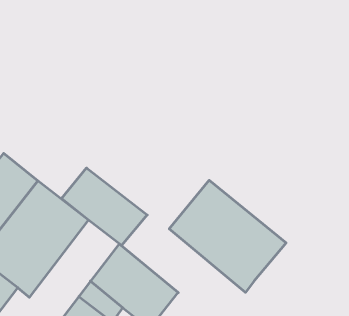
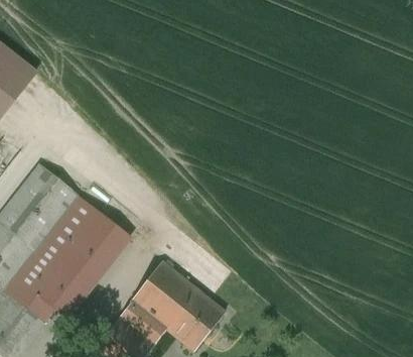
building: [62,168,147,246] -> none
building: [169,180,286,292] -> none

